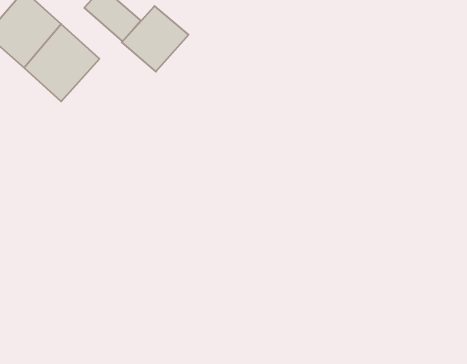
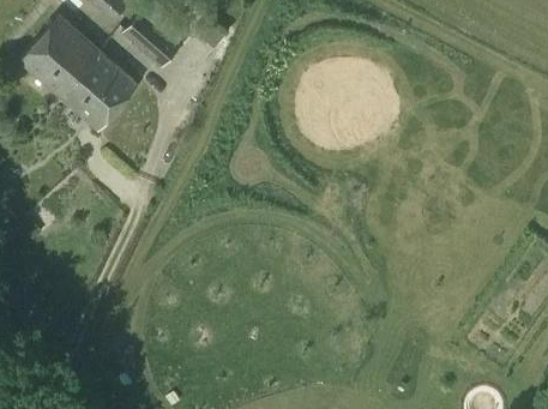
building: [122,6,188,72] -> none

